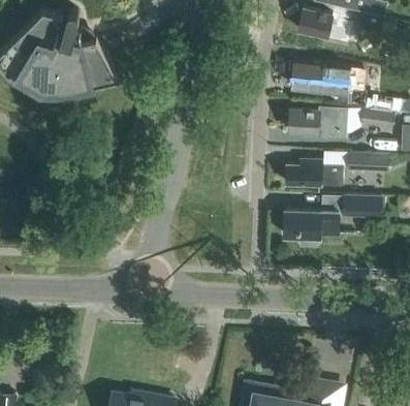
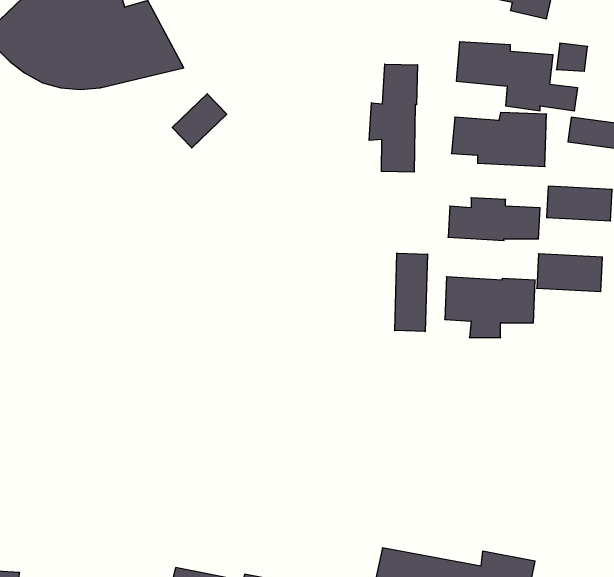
building: none -> [369,64,417,172]
building: none -> [172,94,227,148]
building: none -> [395,253,427,332]

